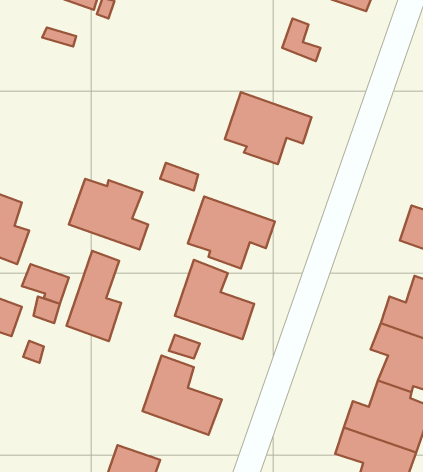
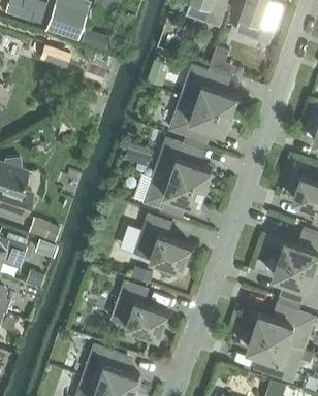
building: none -> [181,66,236,112]
building: [69,179,148,249] -> [155,136,211,186]
building: [66,251,121,341] -> none

